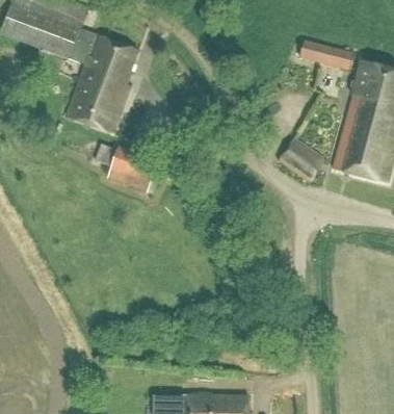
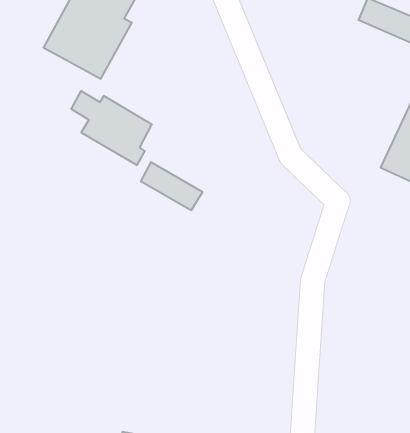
building: [278,137,324,181] -> none
building: none -> [141,162,202,210]

